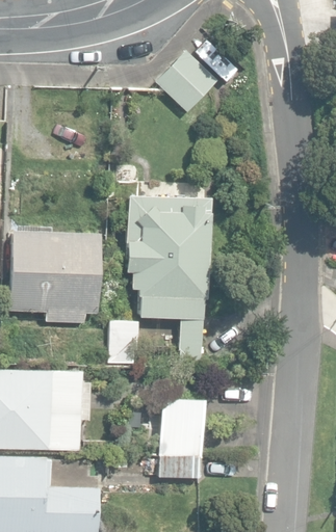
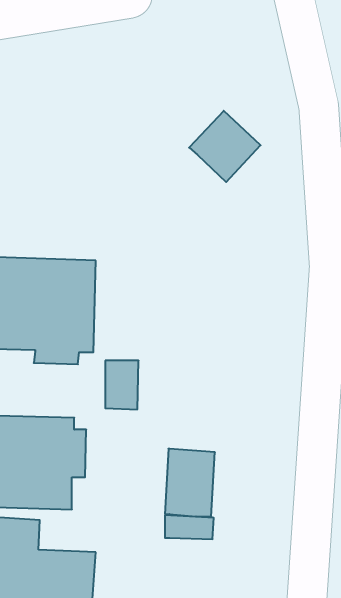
building: [153,49,215,111] -> [189,111,261,182]
building: [123,194,202,354] -> none

